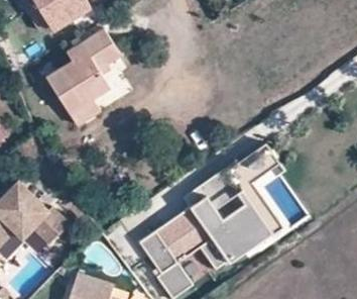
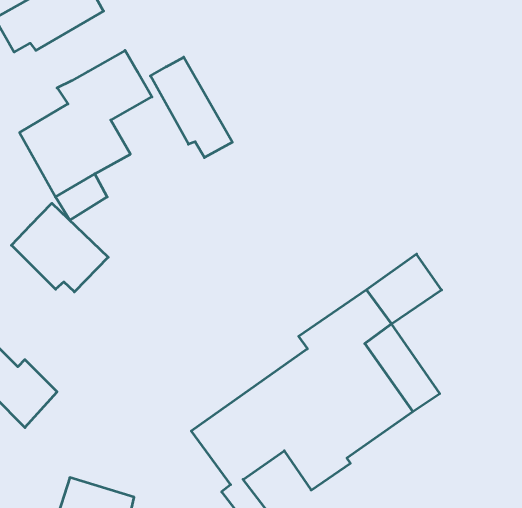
building: none -> [150,57,232,158]
building: none -> [11,203,108,292]

